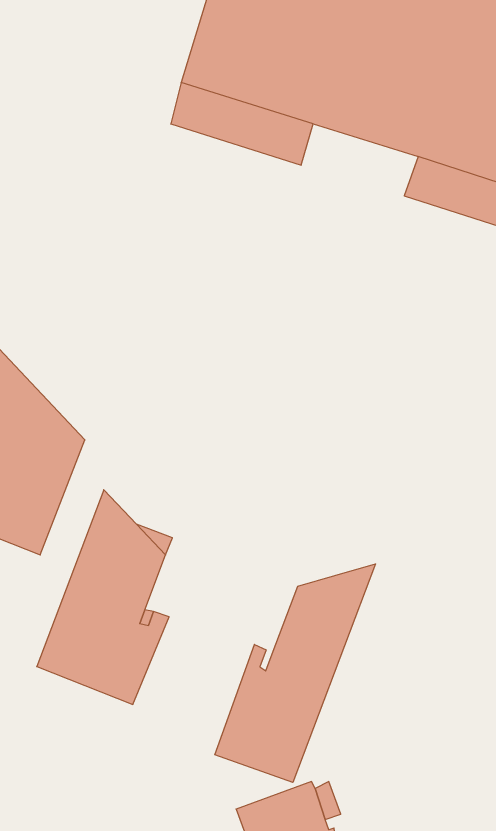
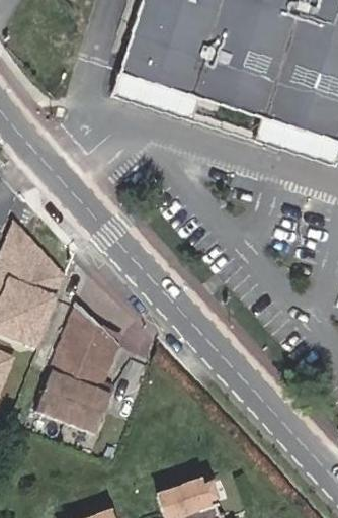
building: [215,564,376,782] -> none

